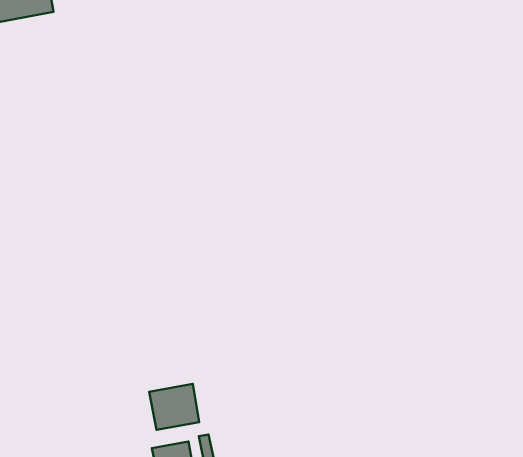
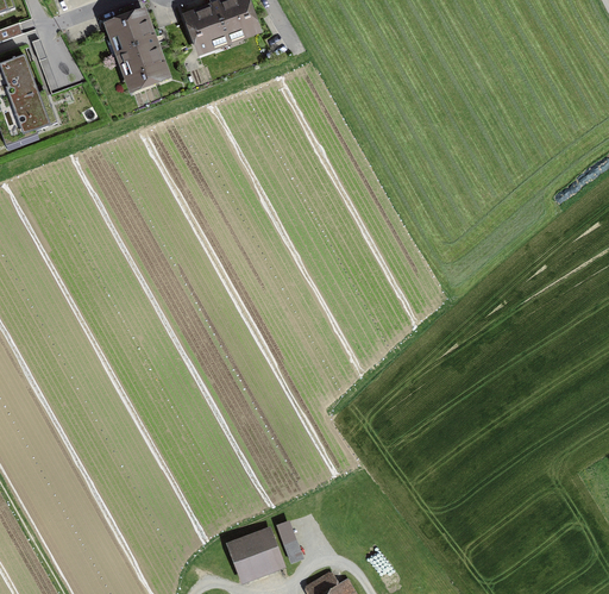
building: [149,384,199,430] -> none

